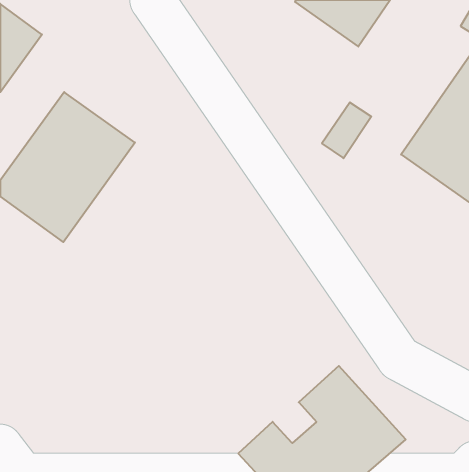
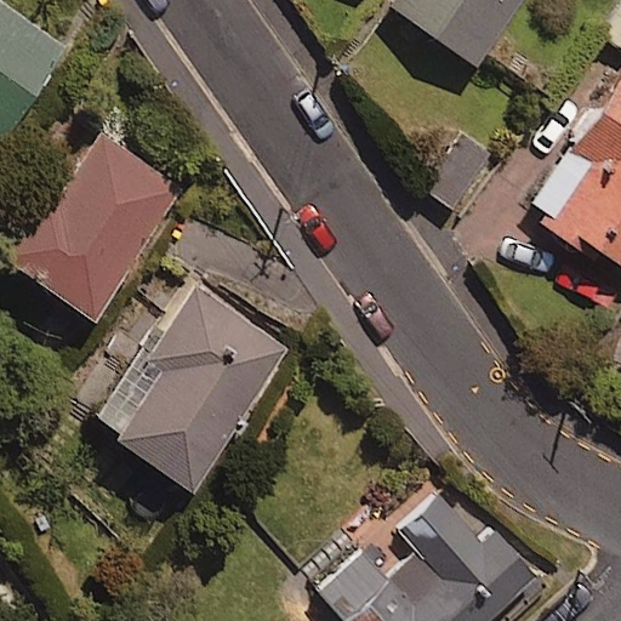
building: none -> [95,283,291,492]

